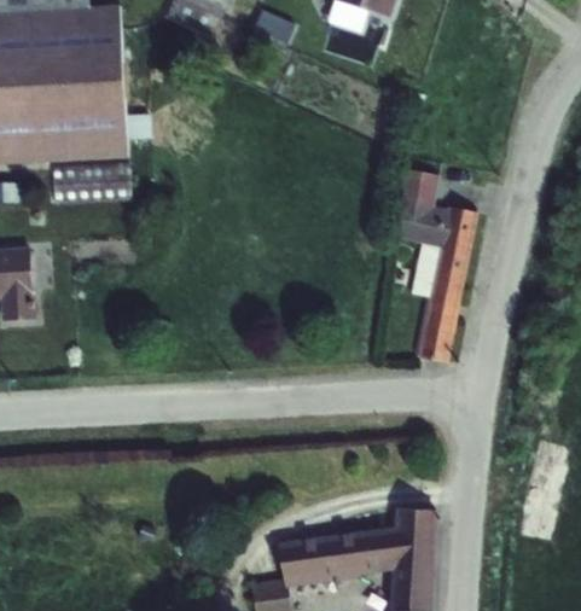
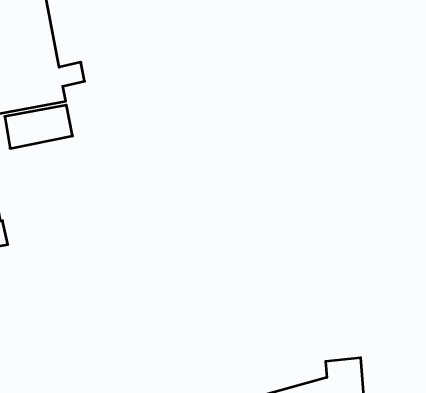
building: [394,169,477,362] -> none

